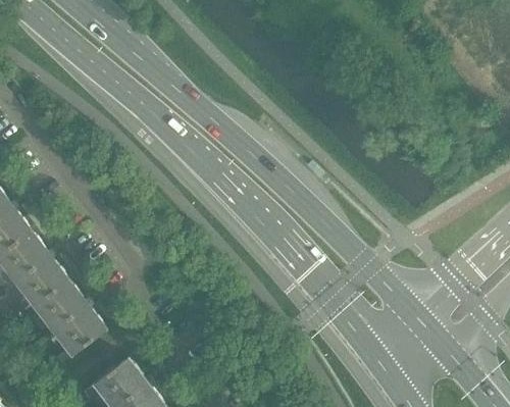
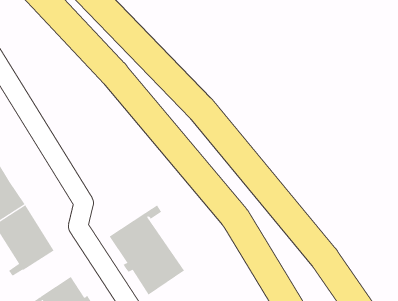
building: none -> [109,205,185,295]

